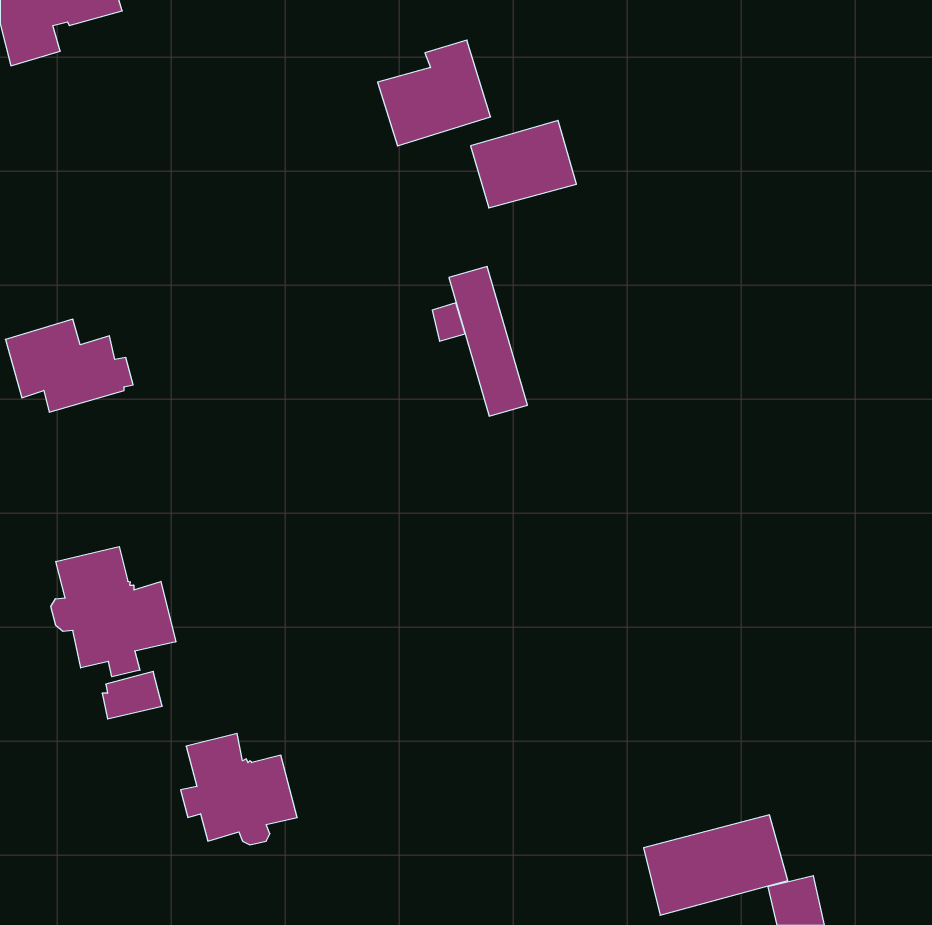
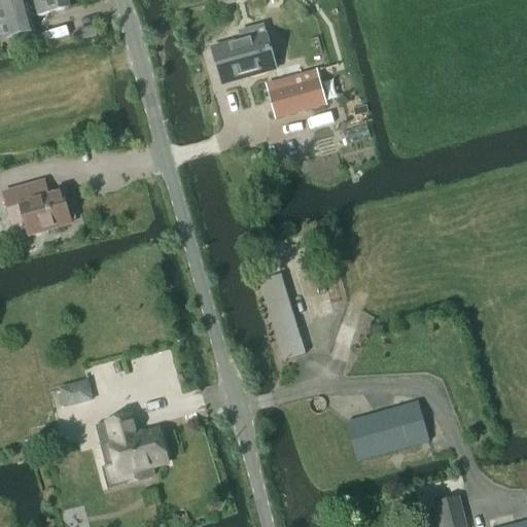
building: [449,267,527,416] -> [259,273,304,357]
building: [51,547,176,677] -> none
building: [644,815,788,915] -> [347,401,428,458]

